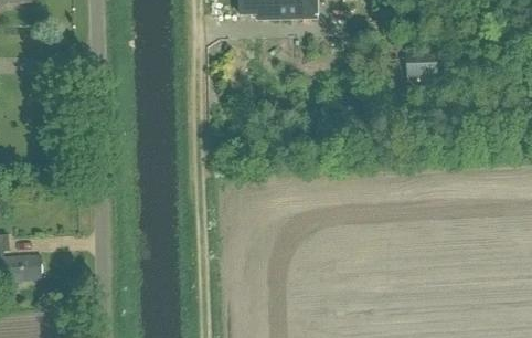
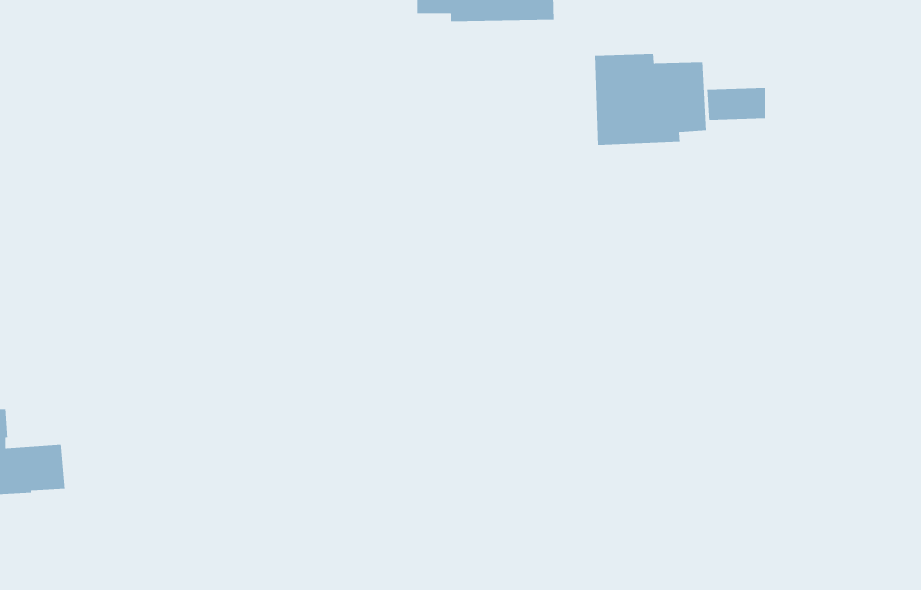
building: none -> [594,53,707,146]

